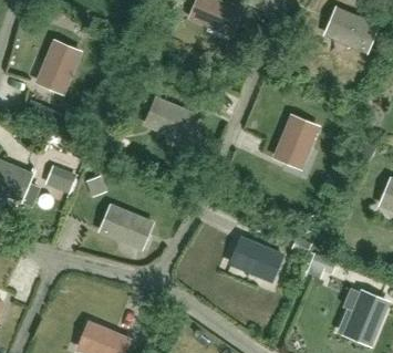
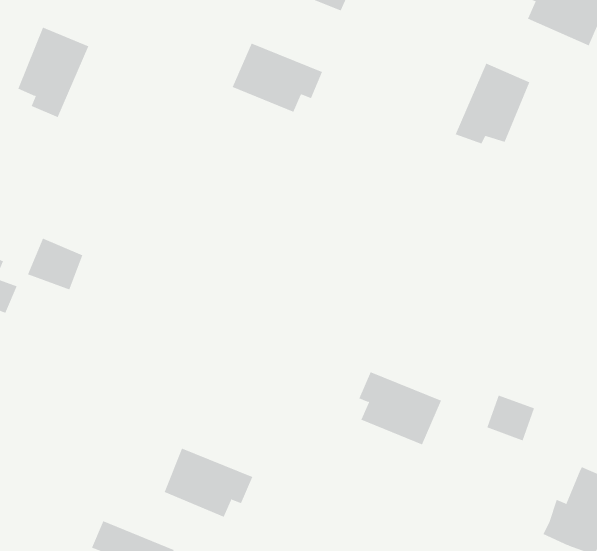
building: [144,98,196,138] -> [232,43,323,112]
building: [273,116,317,163] -> [455,63,530,144]
building: [100,206,151,246] -> [164,448,253,518]

